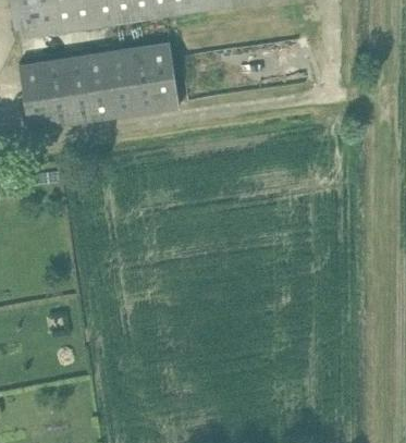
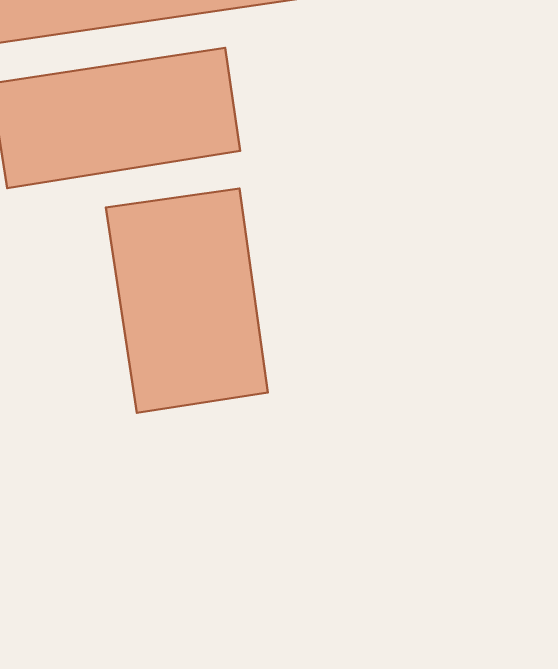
building: none -> [106,188,268,413]

